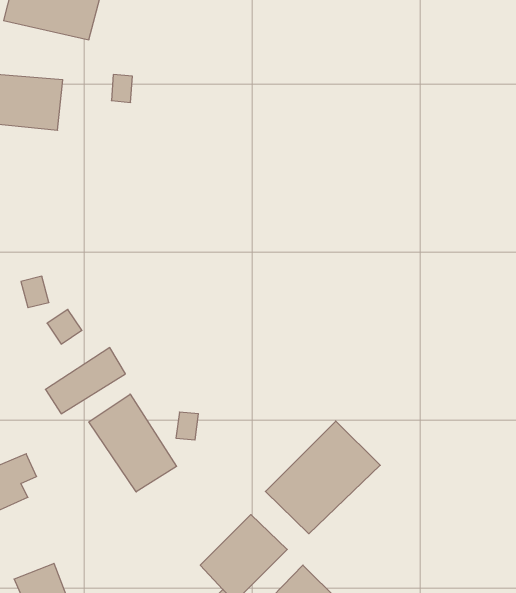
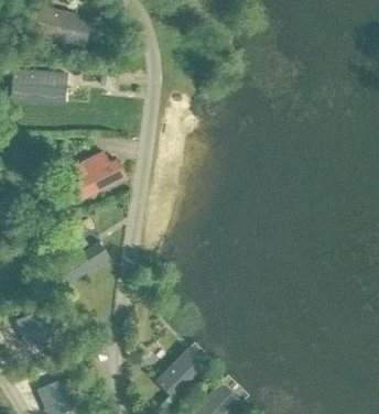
building: none -> [65,159,127,204]
building: [89,394,177,492] -> none
building: [265,421,380,534] -> none

